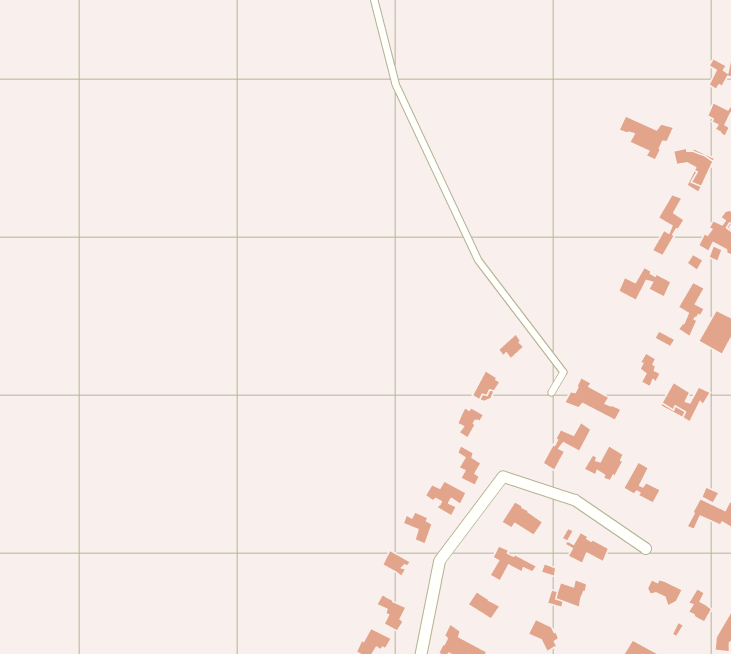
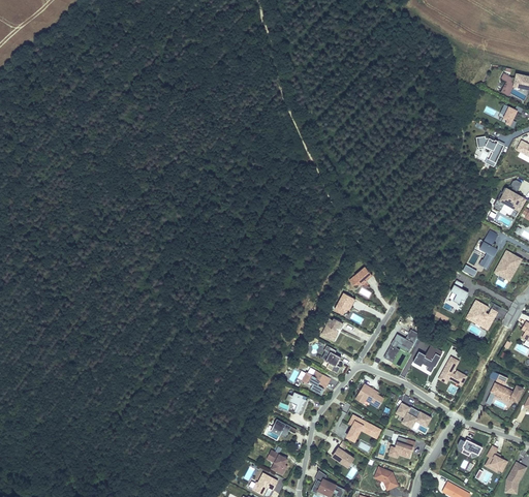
building: [619,116,674,160] -> none
building: [652,194,684,256] -> none
building: [618,267,671,301] -> none
building: [565,378,621,420] -> none

